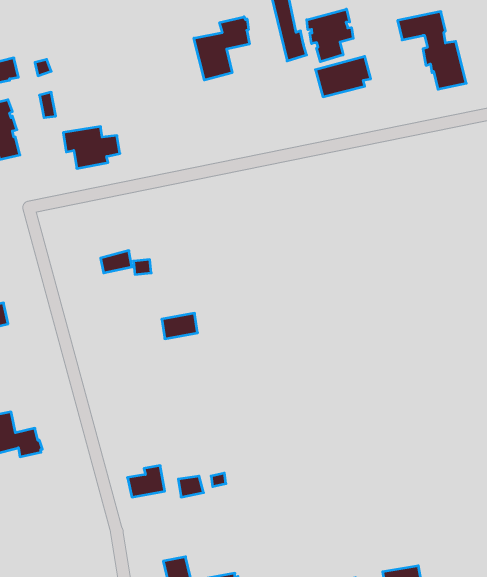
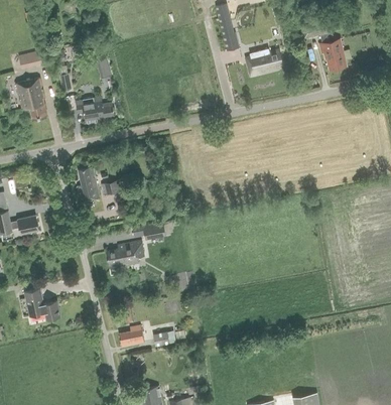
building: [307,9,353,62] -> none
building: [194,17,249,80] -> none
building: none -> [78,165,100,201]
building: none -> [107,241,144,268]

